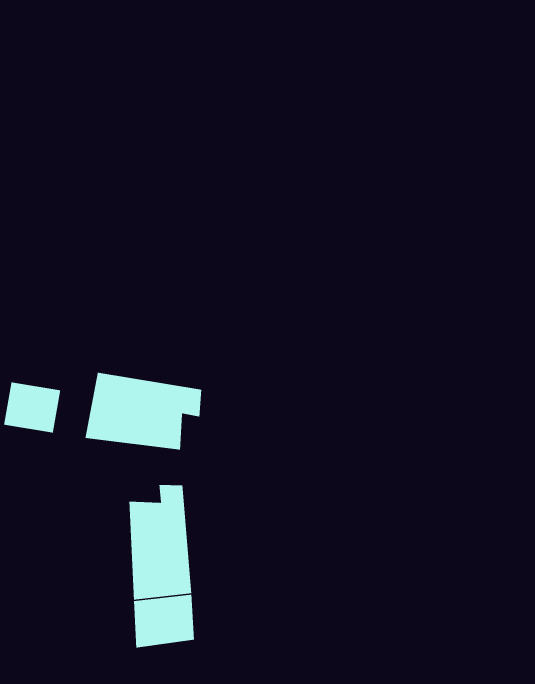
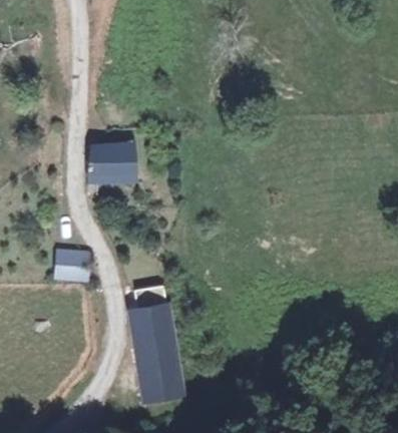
building: none -> [89,147,135,179]
building: [84,372,202,450] -> none

